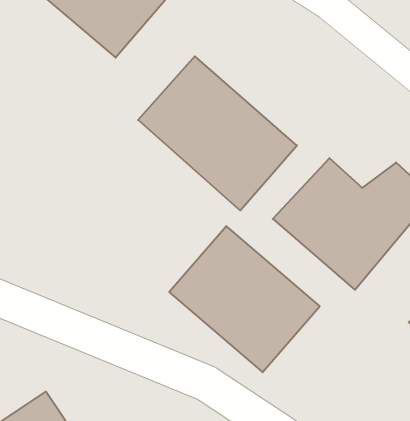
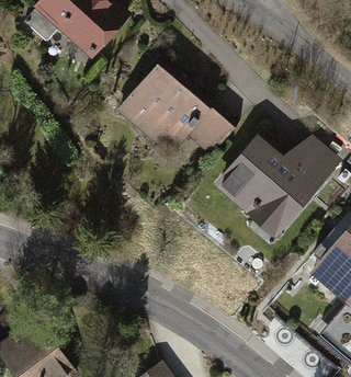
building: [169,226,320,372] -> none

